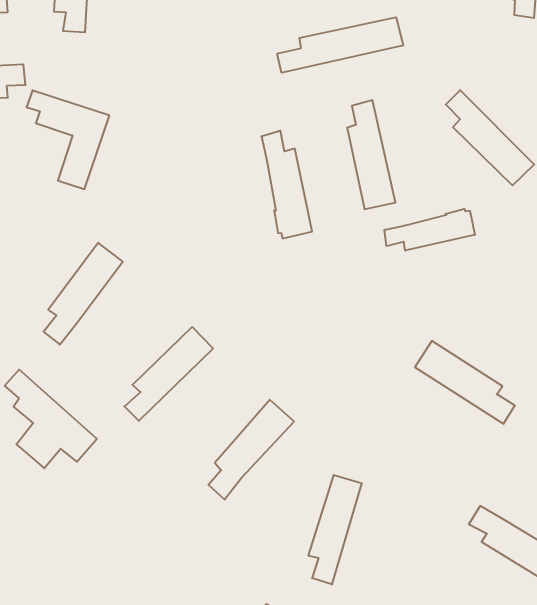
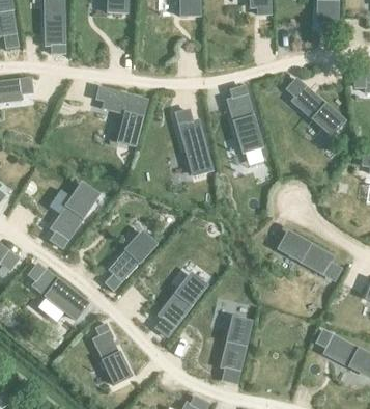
building: [277,17,403,73] -> none
building: [26,90,109,189] -> [95,87,146,145]
building: [384,209,475,251] -> none
building: none -> [90,322,131,384]

